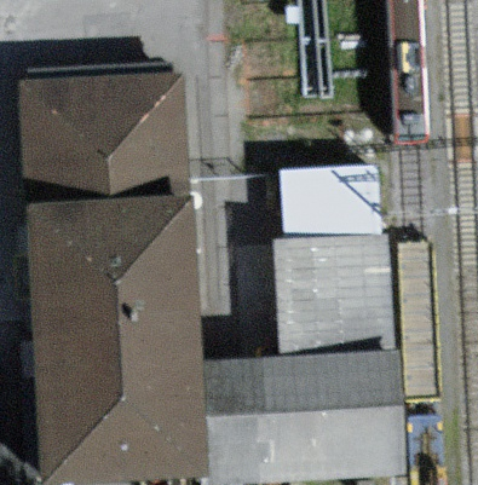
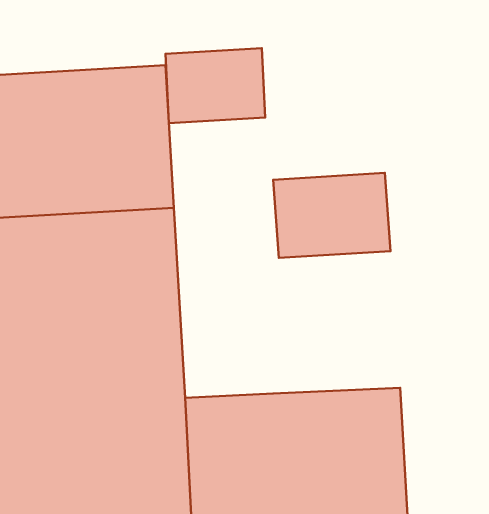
building: none -> [166,48,265,123]
building: [273,231,390,354] -> none

